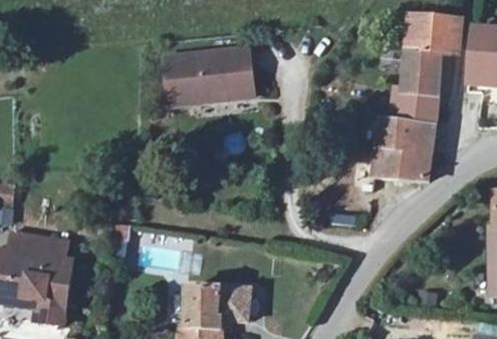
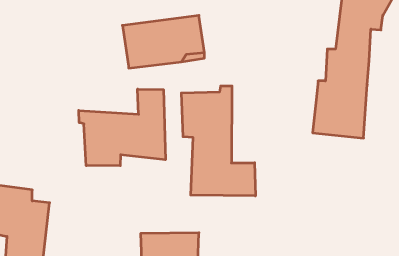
building: none -> [181,86,255,196]
building: none -> [79,89,165,166]

